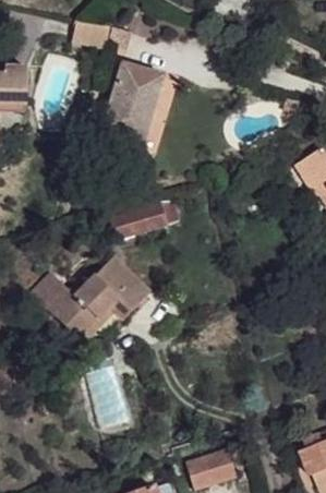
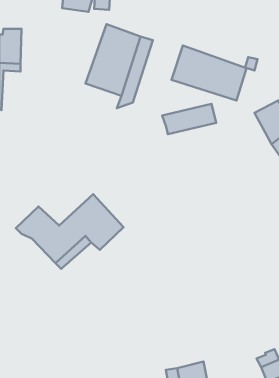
building: none -> [172,46,246,101]
building: [104,200,166,235] -> [162,104,216,134]

